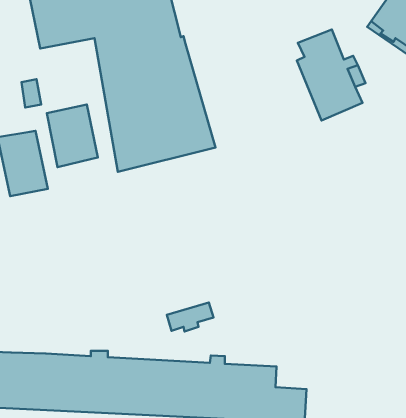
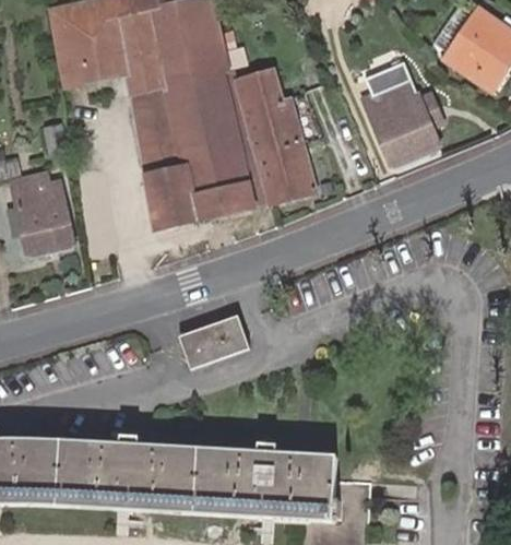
building: none -> [233,66,316,198]
building: [47,105,98,167] -> none
building: [167,303,214,332] -> [189,320,243,354]

